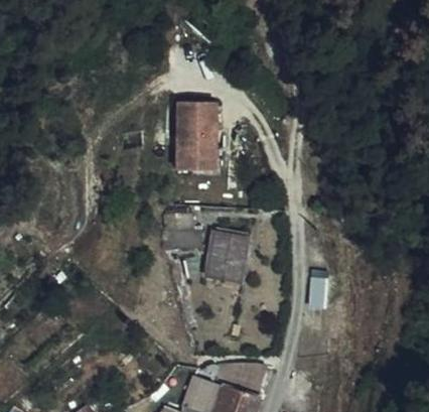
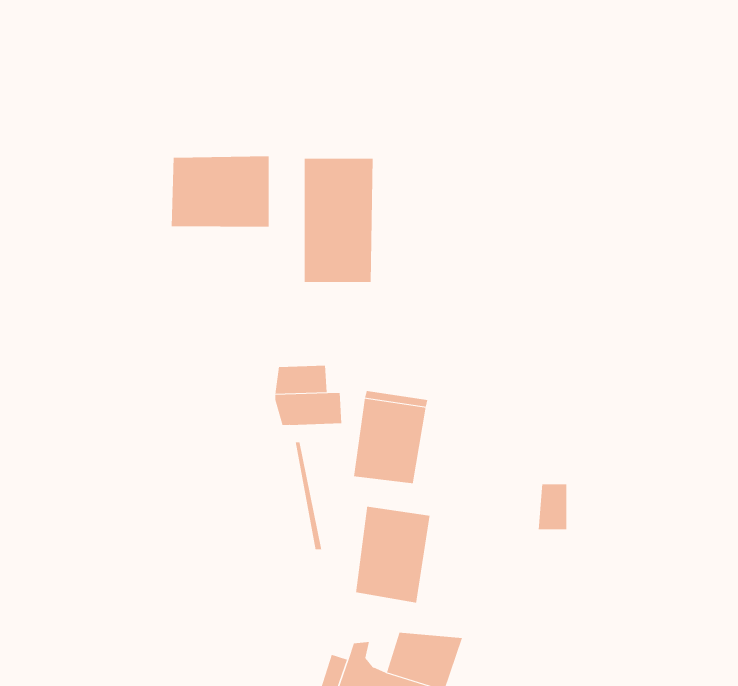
building: none -> [171,155,269,227]
building: none -> [356,506,430,604]

